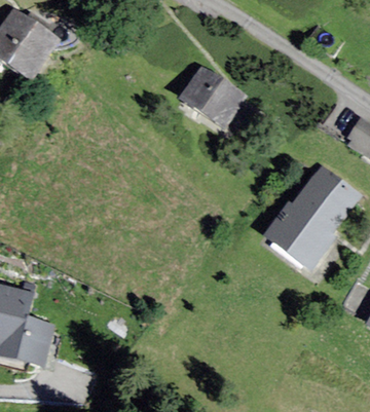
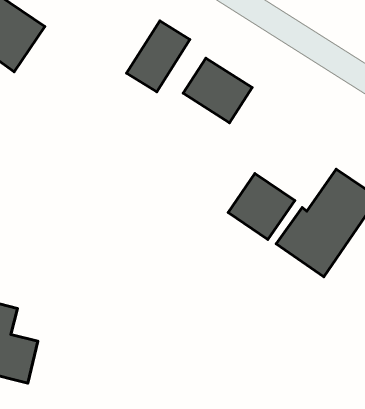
building: none -> [127,21,190,92]
building: none -> [228,174,295,239]

